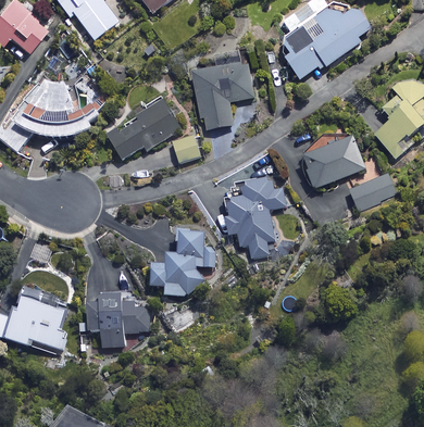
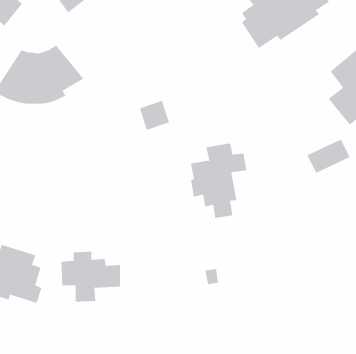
building: [191,49,254,130] -> none
building: [104,96,182,160] -> none
building: [302,135,365,188] -> none
building: [150,230,219,296] -> none

